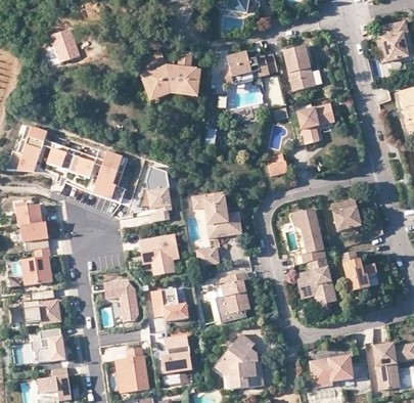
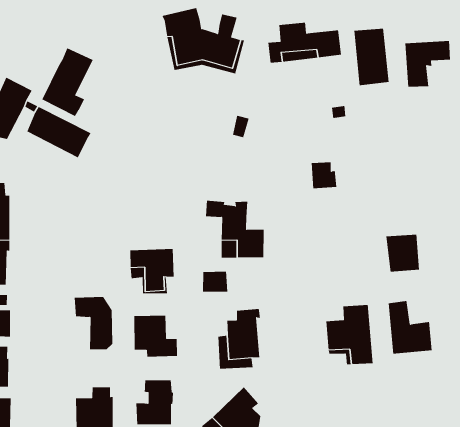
building: [297,105,334,145] -> [404,40,451,87]
building: [93,151,128,203] -> [41,48,93,117]
building: [145,166,171,221] -> none
building: [291,208,325,261] -> none

